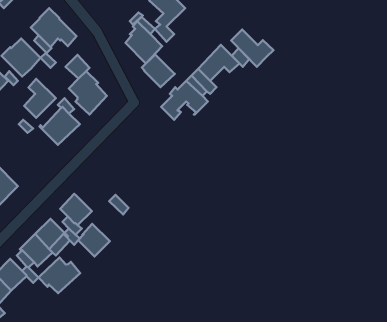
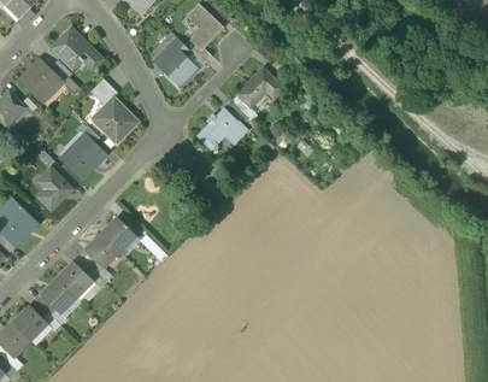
building: [231,30,274,67] -> none
building: [142,54,175,87] -> none
building: [24,79,56,118] -> [37,166,72,210]
building: [78,224,110,256] -> [101,216,136,252]
building: [38,258,80,293] -> none

